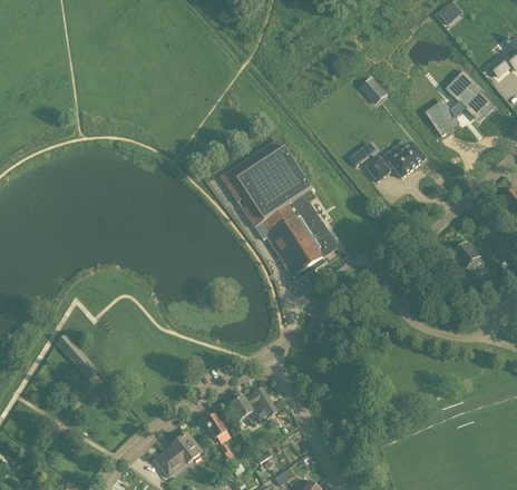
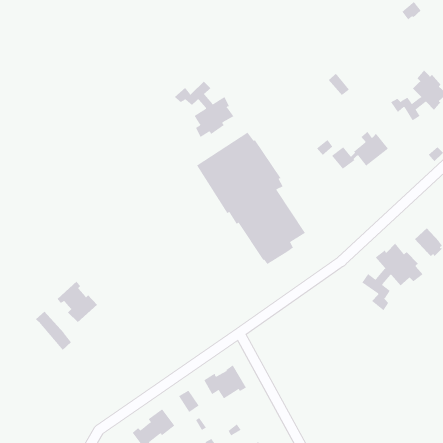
building: none -> [174,81,234,138]
building: none -> [362,243,424,311]
building: none -> [57,281,98,323]

